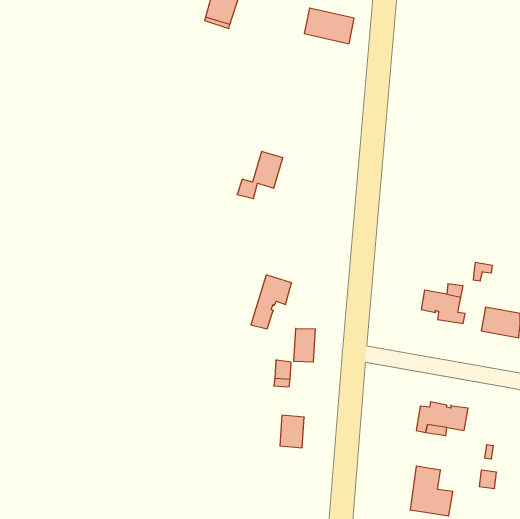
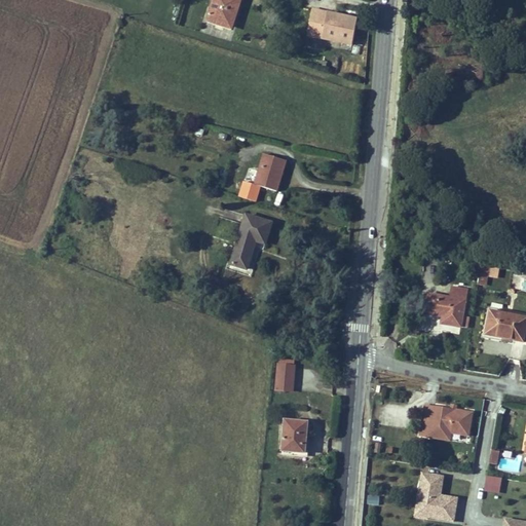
building: [251,275,292,329] -> [230,214,271,268]
building: [294,328,315,362] -> none

